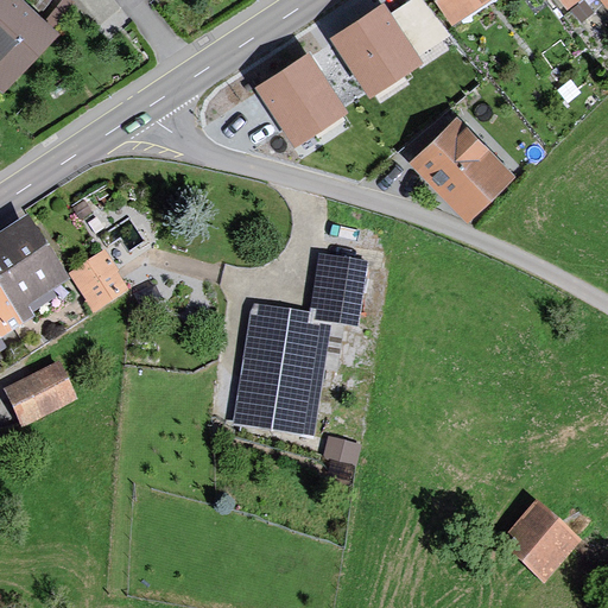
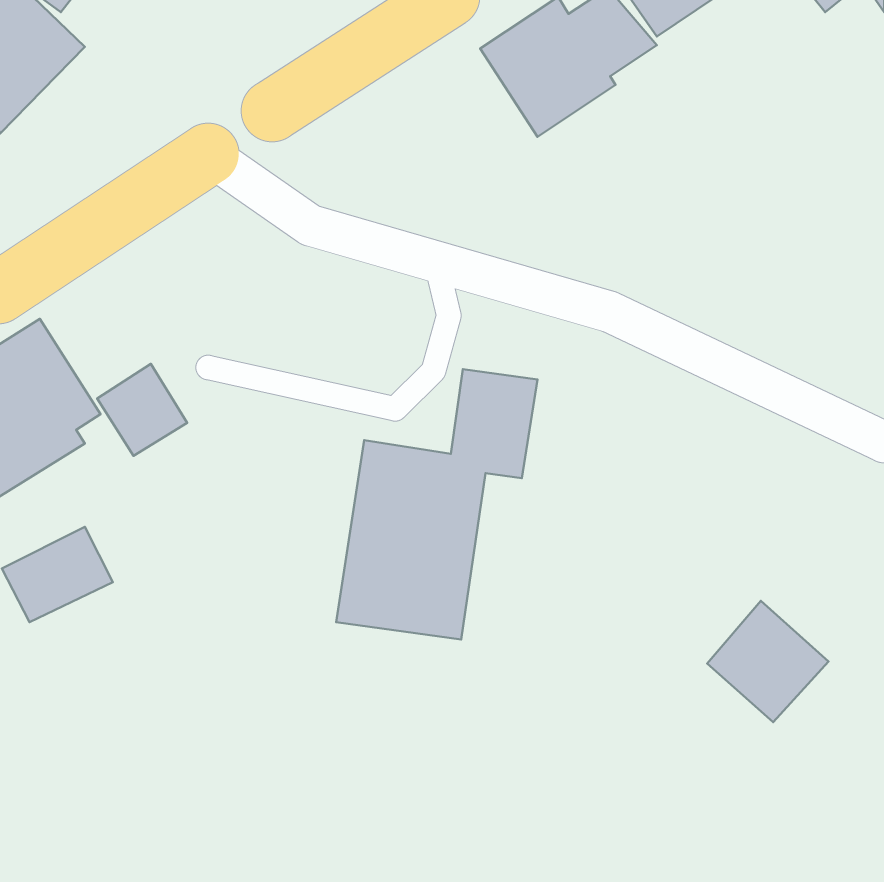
building: [253,48,348,142] -> none
building: [406,114,515,223] -> none
building: [498,501,581,584] -> [707,601,828,722]

